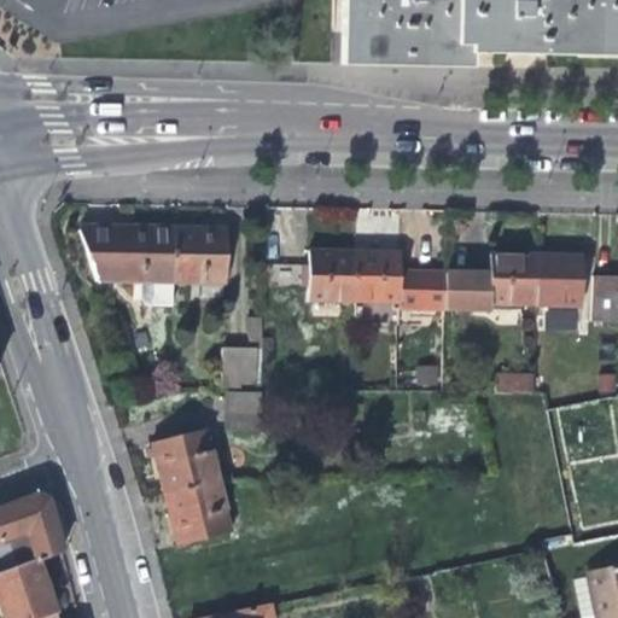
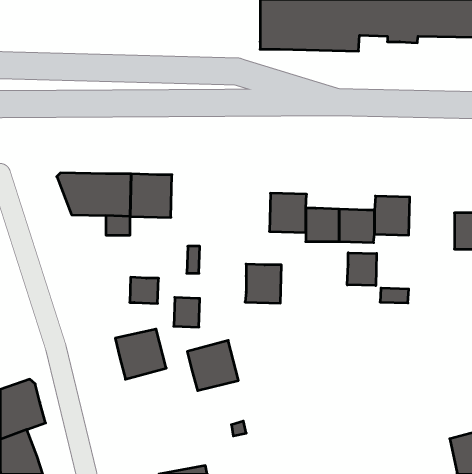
building: [308,250,355,301] -> [245,264,281,303]
building: [535,256,583,307] -> none
building: none -> [347,253,377,286]
building: [225,354,262,387] -> [130,277,159,303]
building: [167,478,233,543] -> [187,340,238,391]

